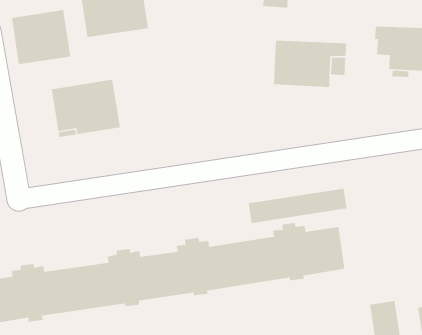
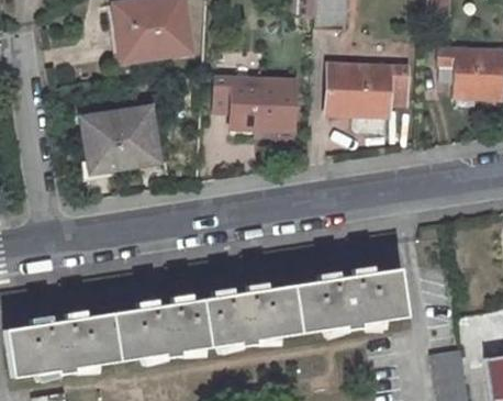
building: [11,9,71,65] -> none
building: none -> [215,77,294,130]
building: [248,188,347,224] -> none

